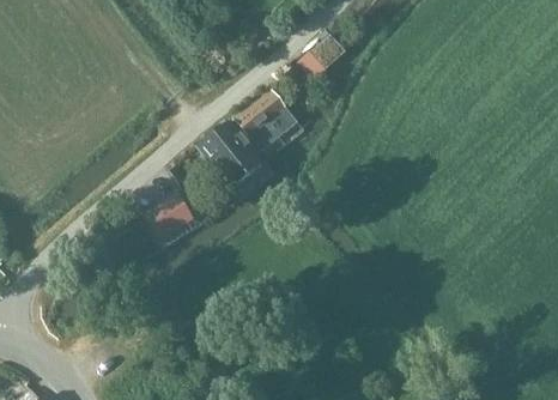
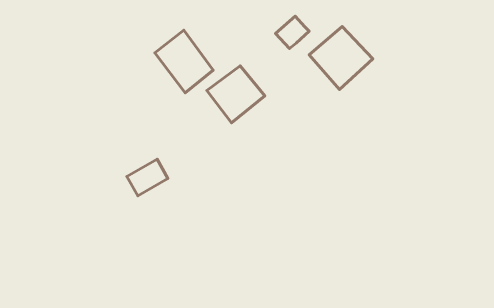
building: none -> [309,26,373,89]
building: [196,122,261,192] -> [155,30,213,93]

